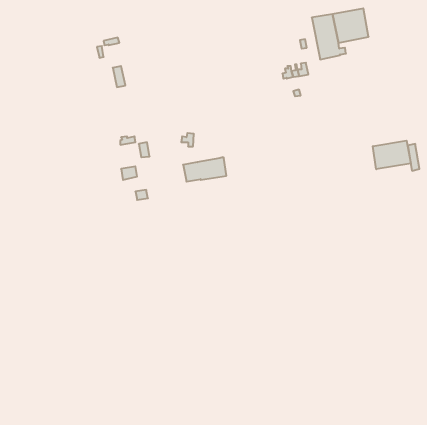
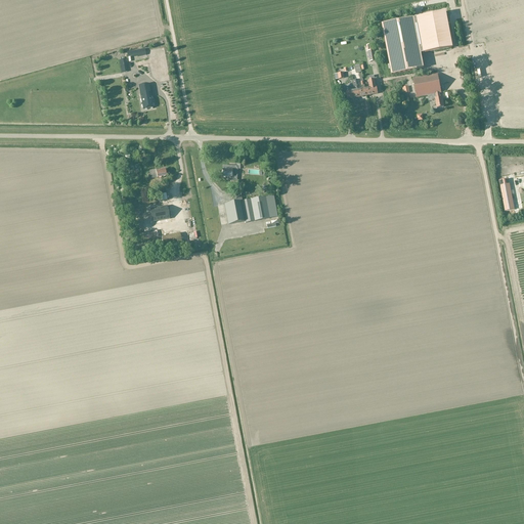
building: none -> [413,72,443,105]
building: [373,141,411,169] -> none

